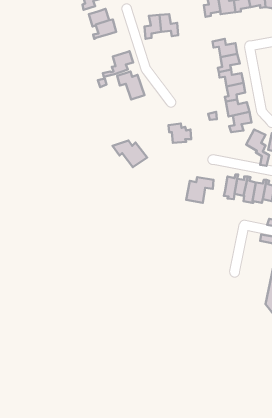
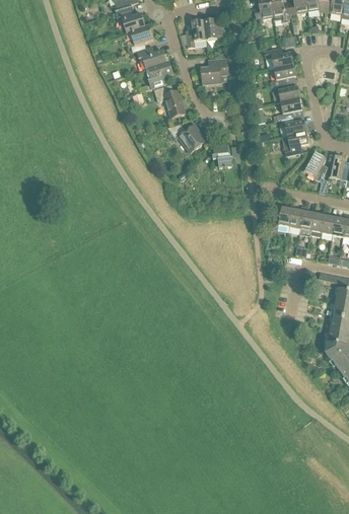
building: none -> [136,45,165,67]
building: none -> [201,57,227,82]
building: [113,141,147,167] -> [166,120,206,150]
building: [186,177,214,203] -> none

